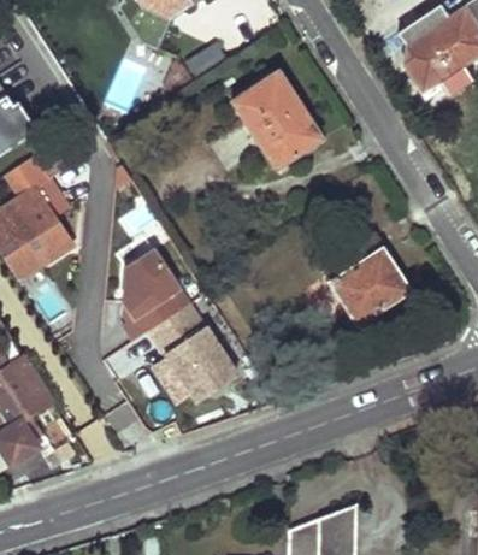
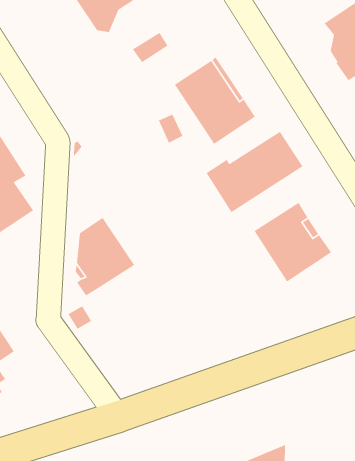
building: none -> [205,131,303,213]
building: [148,303,237,401] -> none

